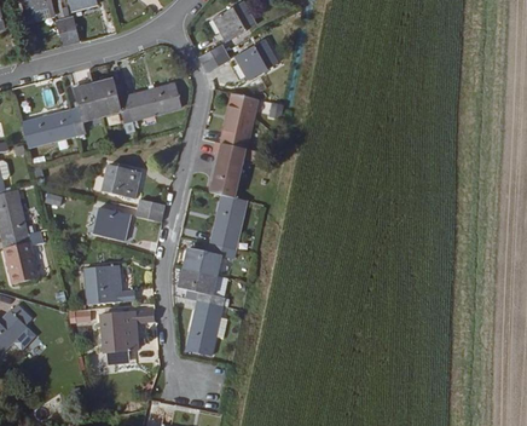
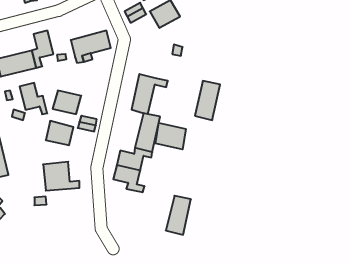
building: [93,76,132,120] -> [20,83,47,114]
building: [221,93,256,148] -> [195,81,220,120]
building: none -> [156,123,186,149]
building: [191,301,226,356] -> [166,196,191,235]
building: [100,310,155,351] -> none

